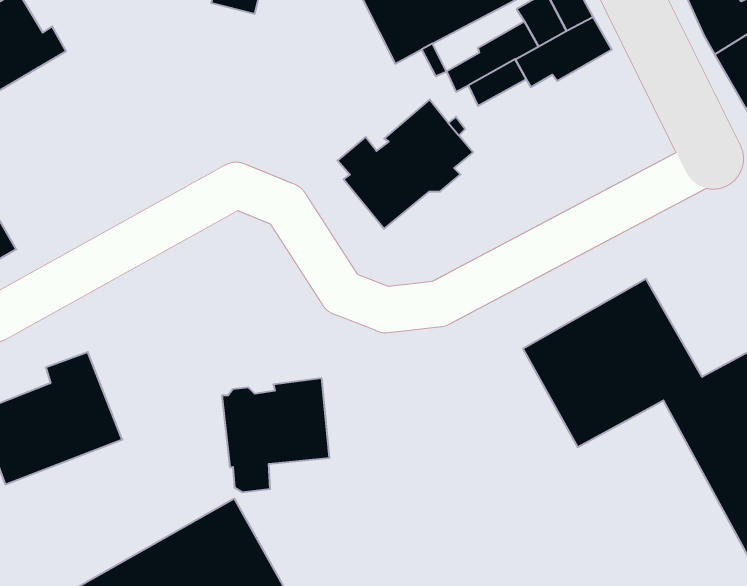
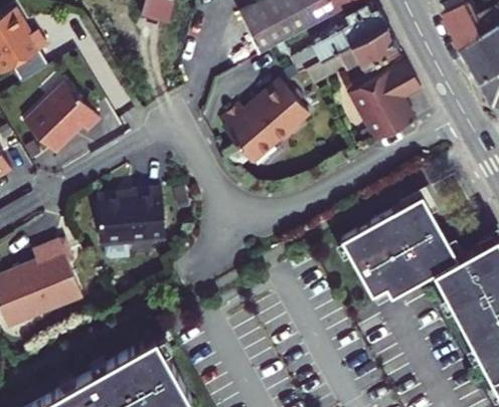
building: none -> [349,60,420,143]
building: none -> [25,83,100,154]
building: [222,378,330,492] -> [97,188,166,261]

